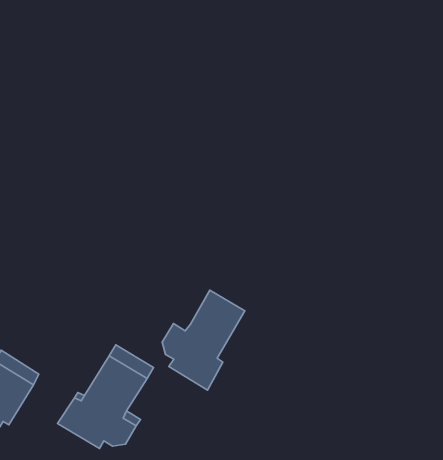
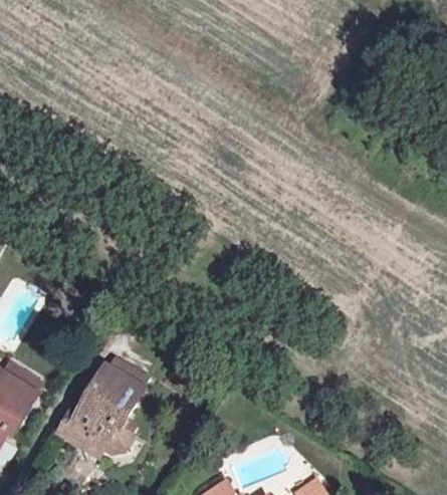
building: [162,290,245,390] -> none

